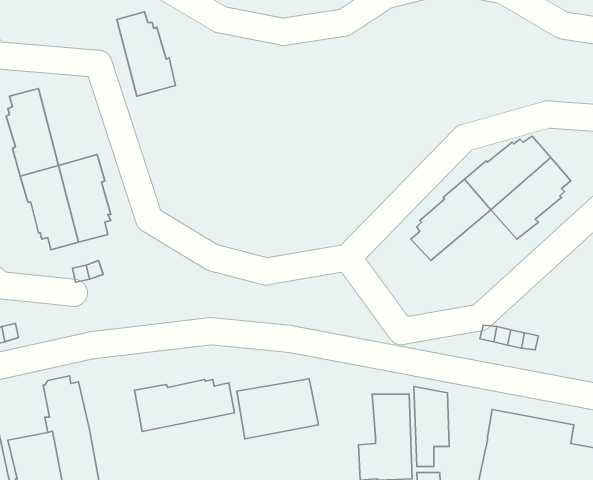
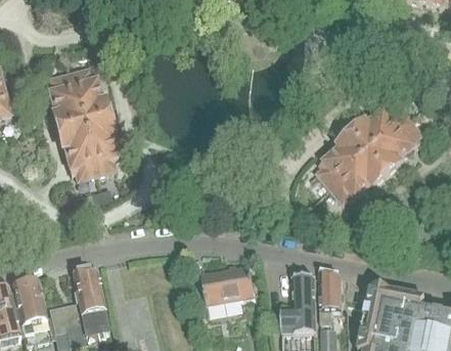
building: [117,12,175,96] -> [69,65,107,122]
building: none -> [329,151,387,201]
building: [134,380,235,432] -> none

